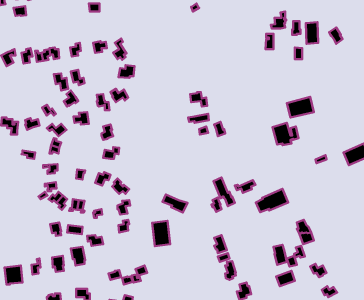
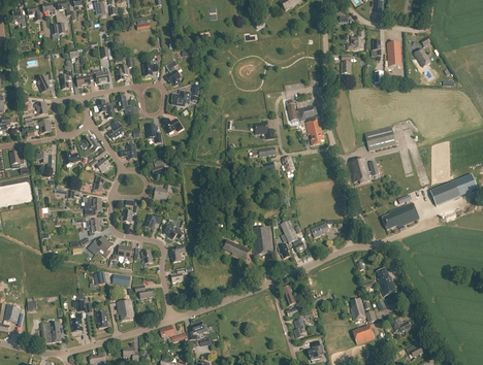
building: none -> [287,102,323,144]
building: [256,189,288,212] -> [382,202,419,229]
building: [152,221,170,246] -> [252,226,272,255]

